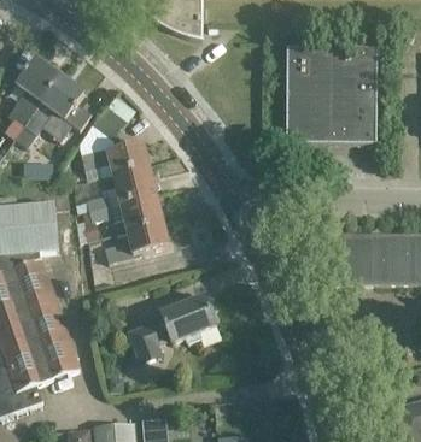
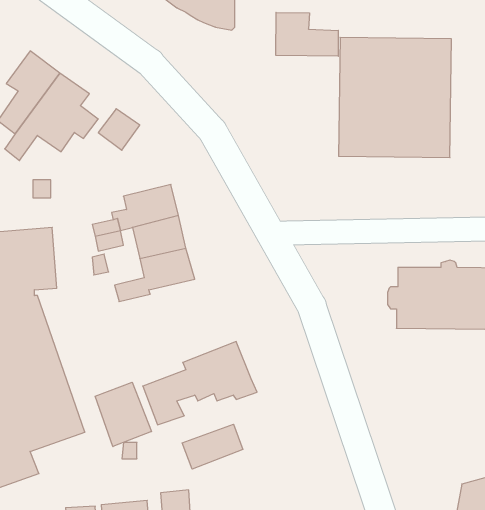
building: none -> [276,12,338,56]
building: [82,140,151,175] -> none
building: none -> [95,382,151,447]
building: none -> [182,424,243,469]

